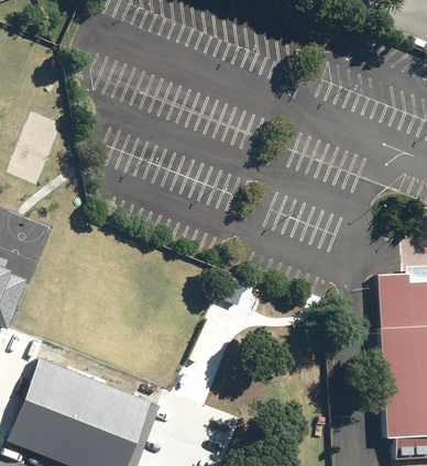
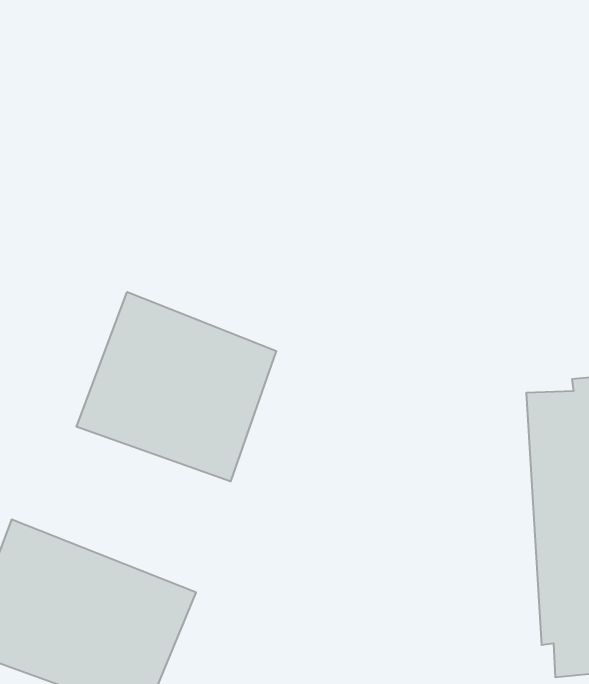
building: none -> [76,292,276,481]

